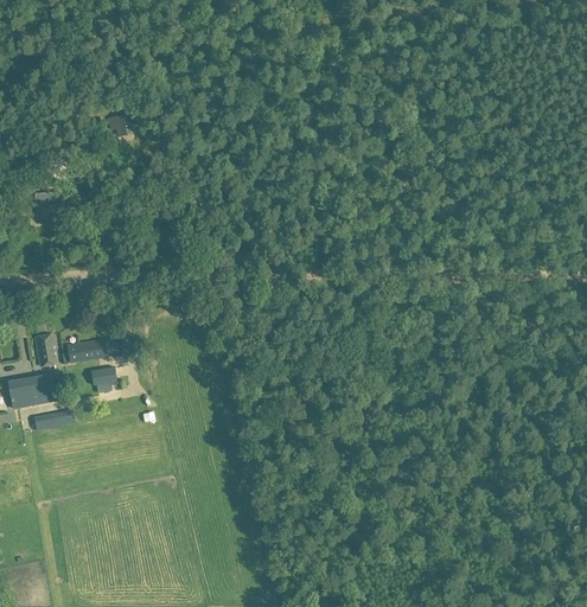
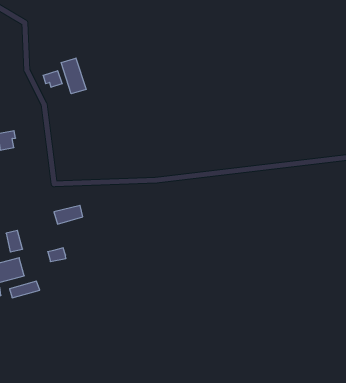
building: none -> [61,58,86,94]
building: [65,340,106,364] -> [54,205,83,224]

